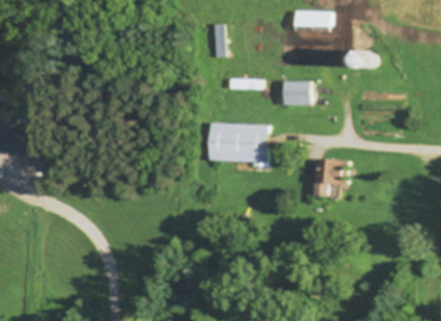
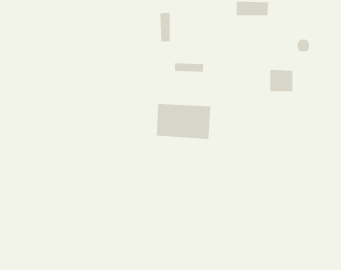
building: [283,80,309,104] -> [269,70,293,92]
building: [315,159,350,196] -> none

